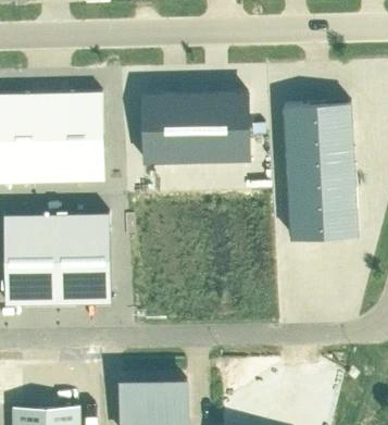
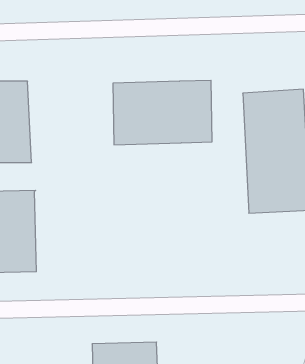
building: [48,92,103,184] -> none
building: [55,214,111,303] -> none

